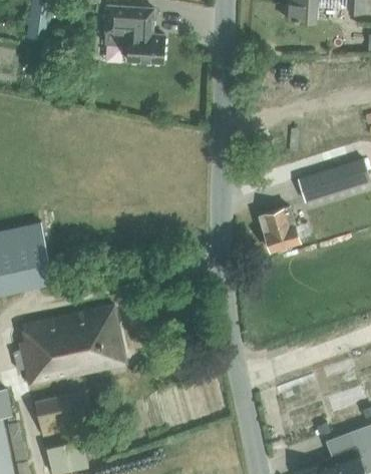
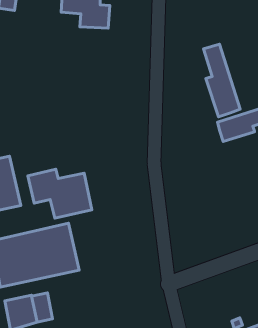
building: none -> [204,44,240,117]
building: [260,207,300,252] -> none
building: none -> [28,169,92,218]

